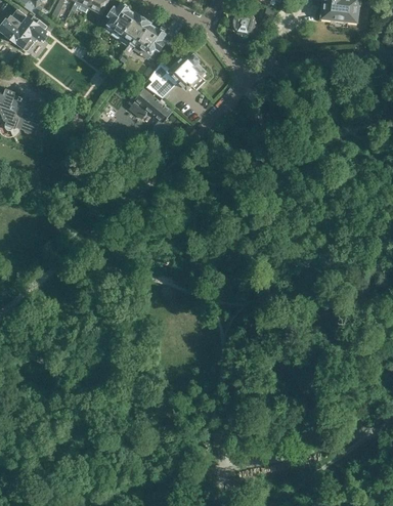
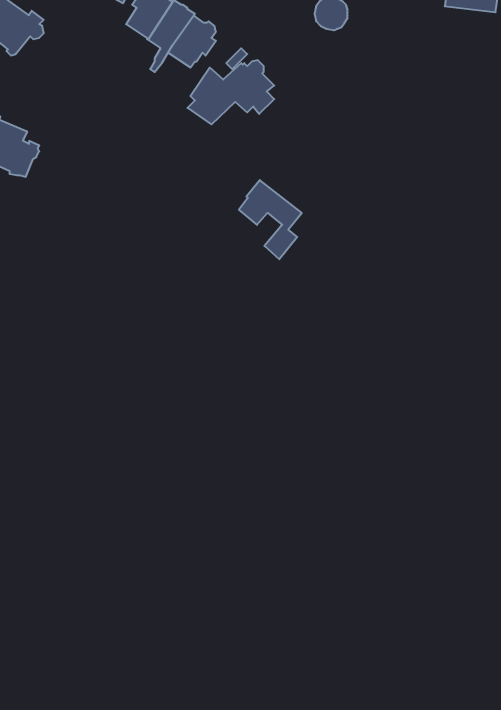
building: [129,87,172,141] -> [239,180,302,259]

